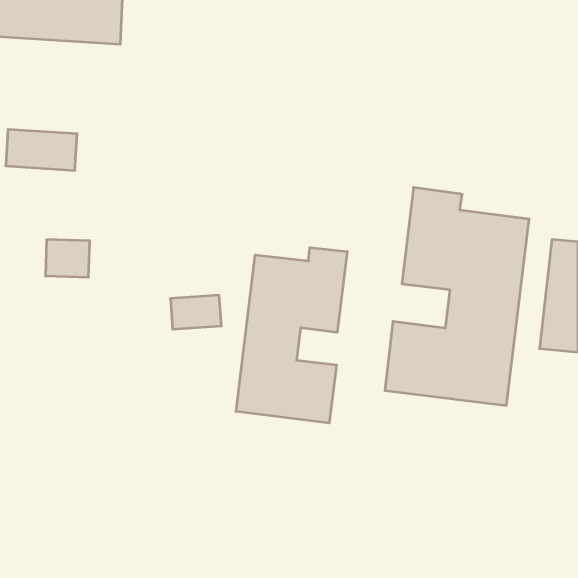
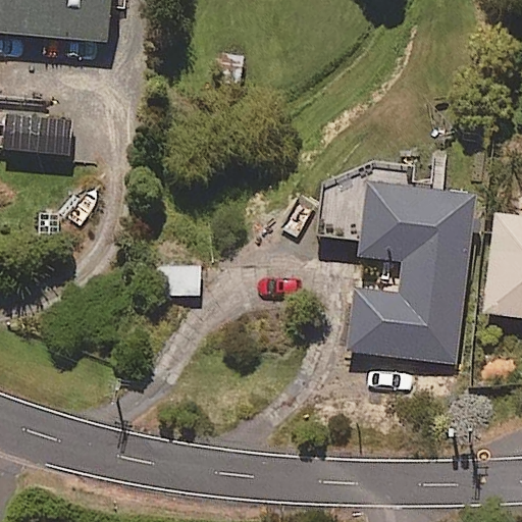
building: [236,248,347,423] -> none

